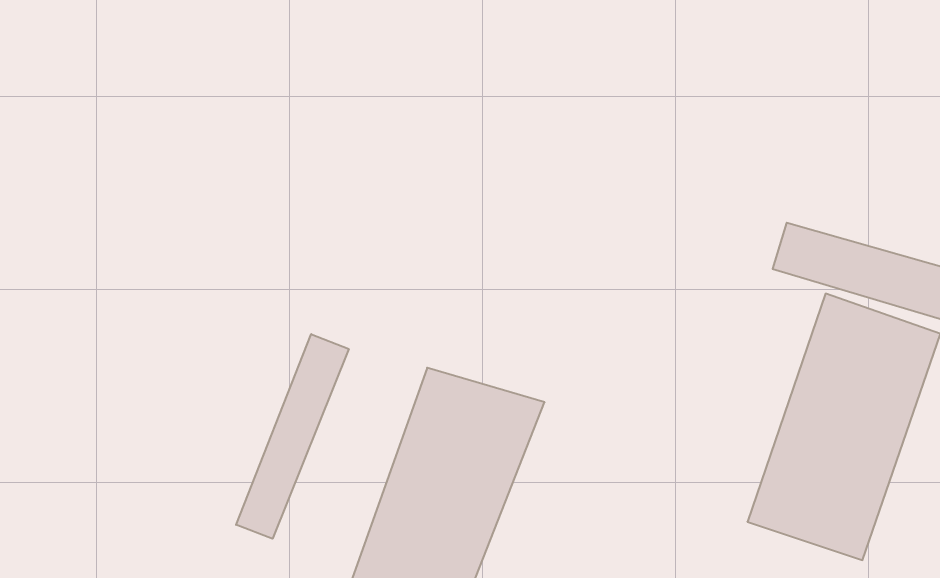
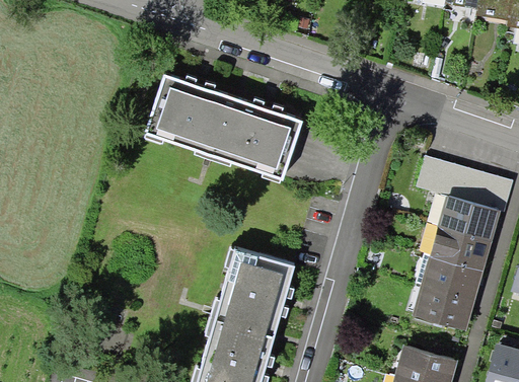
building: none -> [146,78,298,176]
building: [236,334,349,539] -> none

